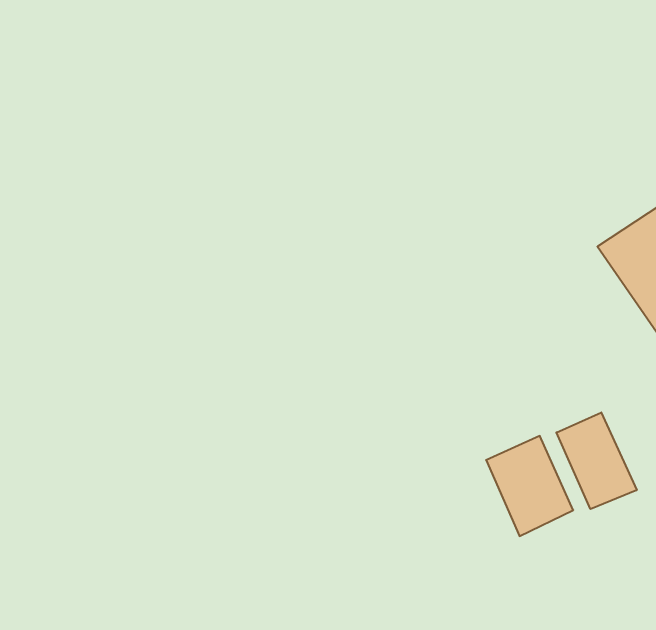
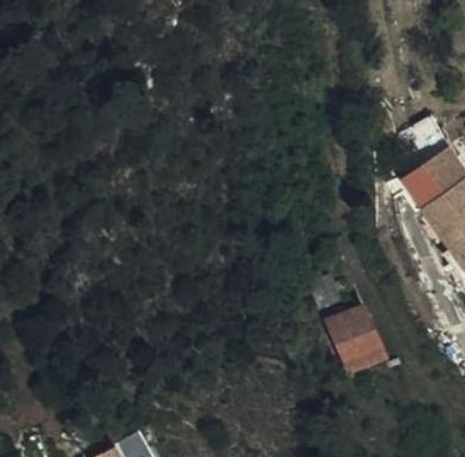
building: [556,412,637,509] -> none

